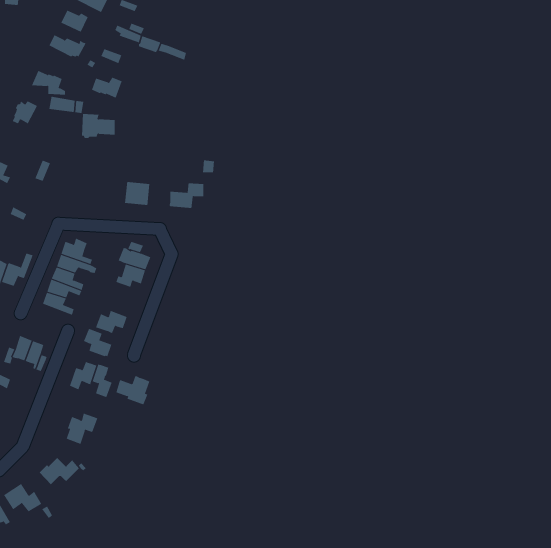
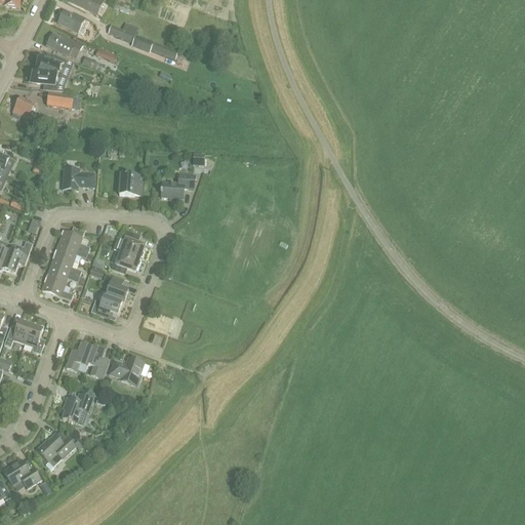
building: [91,77,123,98] -> [36,54,66,75]
building: [81,113,116,138] -> [62,166,94,190]
building: [83,328,112,357] -> [99,273,127,300]

